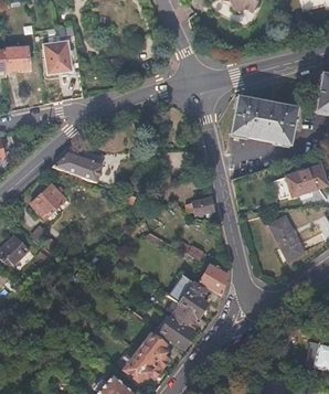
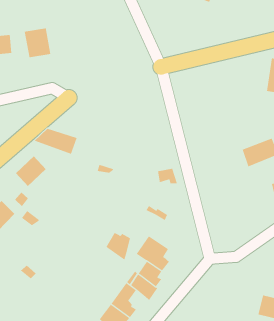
building: [231,96,297,143] -> none
building: [272,221,306,263] -> none
building: [200,263,229,295] -> [105,232,131,261]

